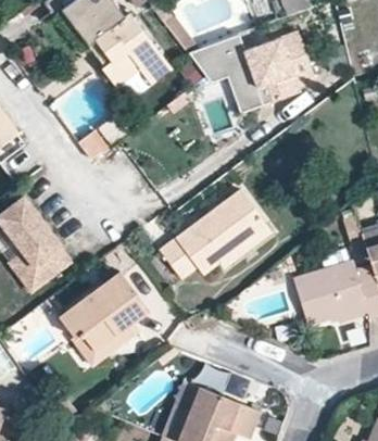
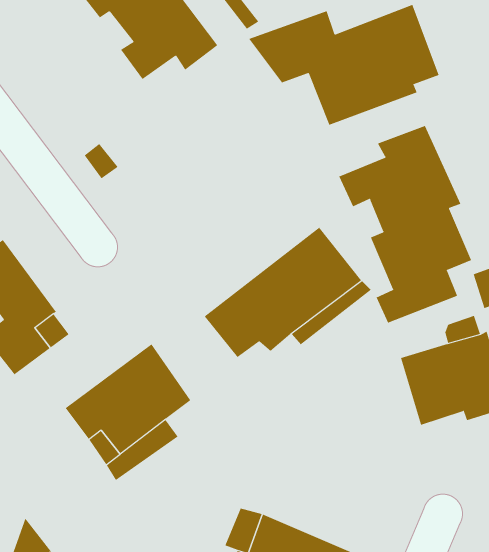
building: none -> [338,125,472,323]

